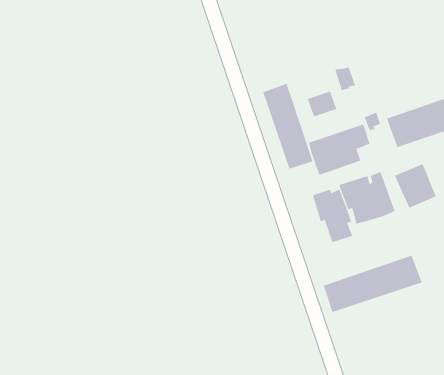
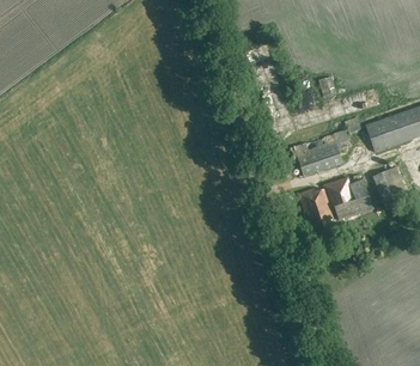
building: [263,83,313,170] -> none
building: [323,255,423,313] -> none

